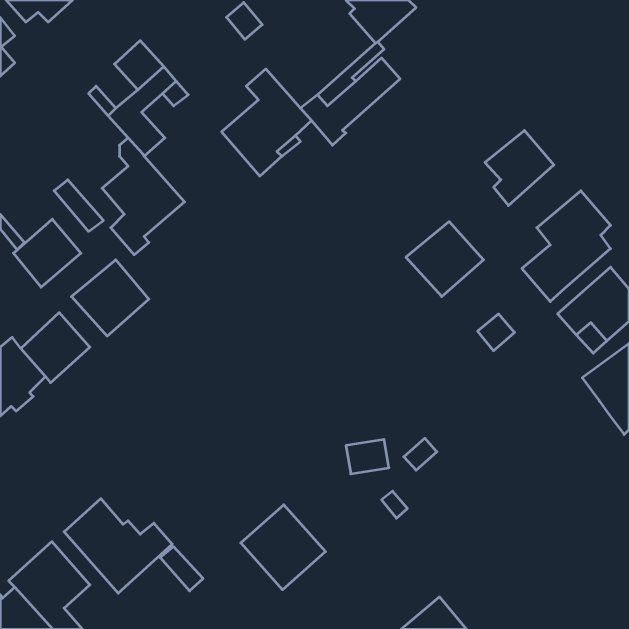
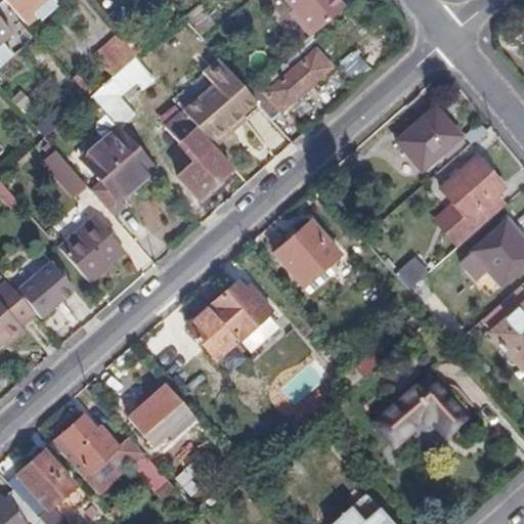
building: none -> [163,110,231,193]
building: [13,219,81,287] -> none
building: [406,222,484,297] -> [273,222,338,285]
building: none -> [185,283,269,361]
building: none -> [376,374,465,445]
building: [241,505,326,590] -> [130,385,201,455]

